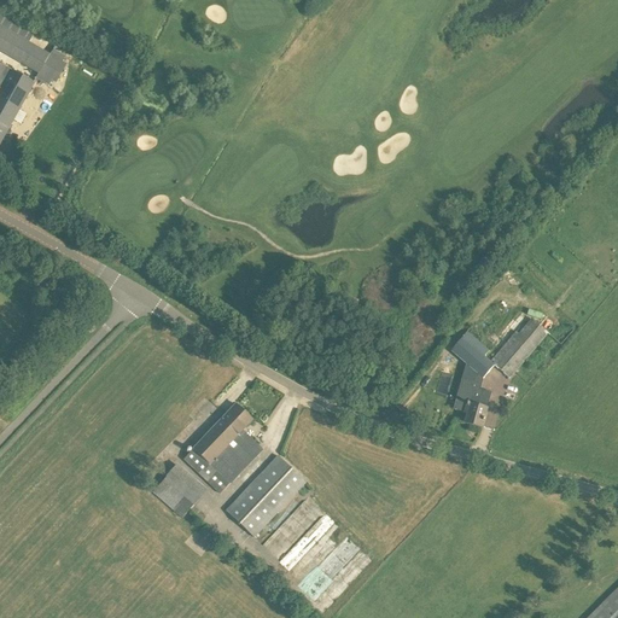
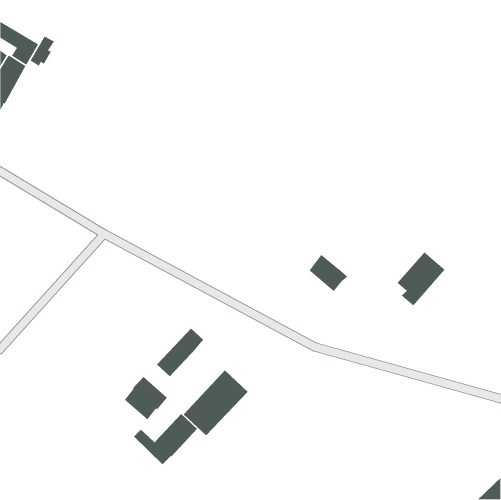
building: [450,330,499,377] -> [308,254,348,292]
building: [454,378,490,426] -> none
building: [182,428,262,492] -> [133,413,198,465]

